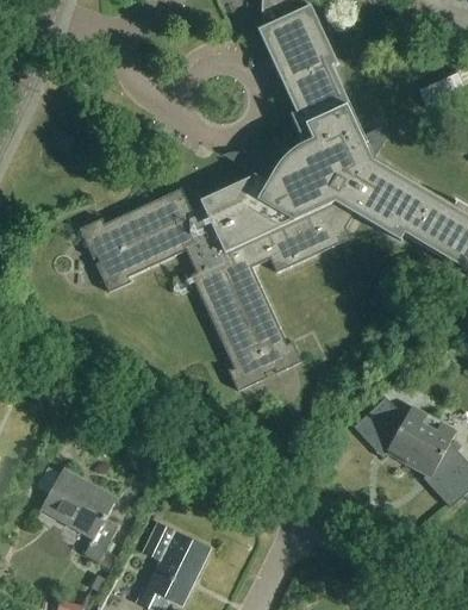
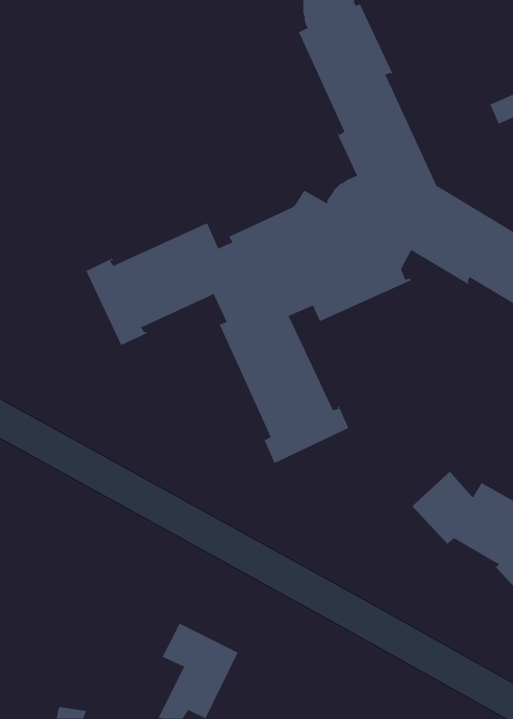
building: [39,468,116,560] -> none

